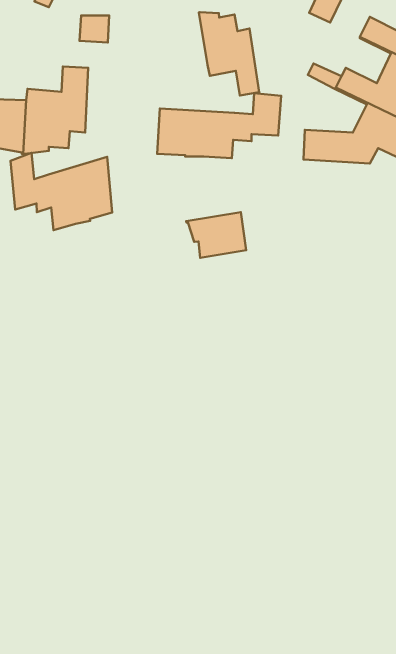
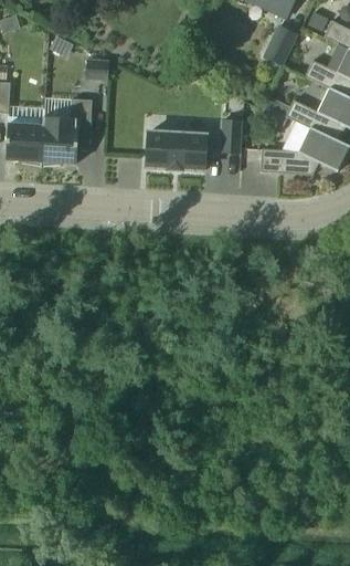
building: [199,12,259,96] -> none
building: [11,153,112,230] -> none
building: [186,212,246,258] -> none

